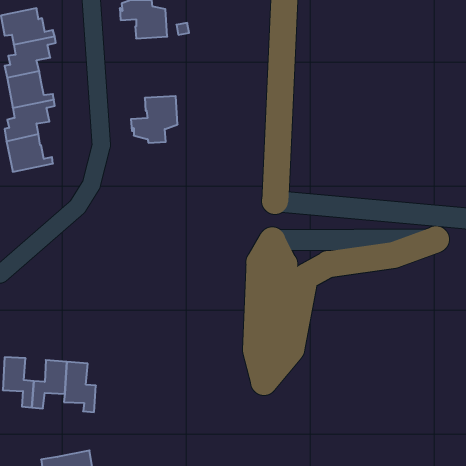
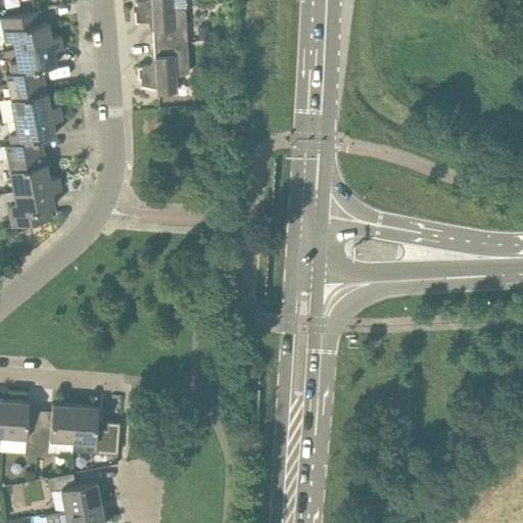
building: [131,96,178,143] -> [138,42,190,94]
building: none -> [9,184,61,228]
building: none -> [48,474,101,512]

